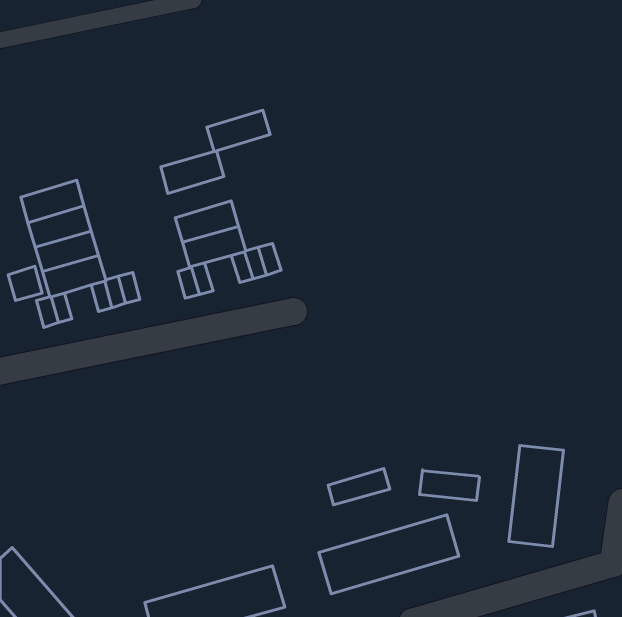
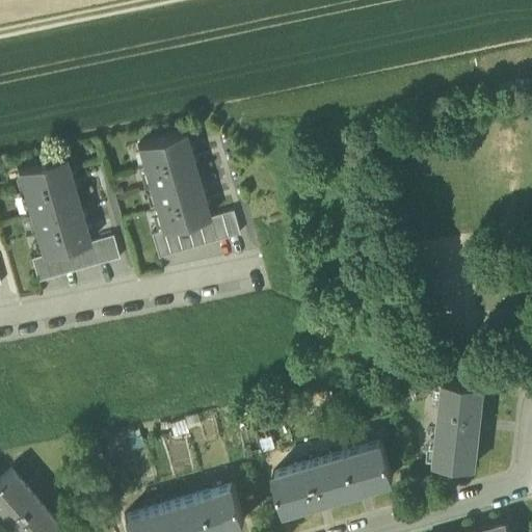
building: [207,110,270,152] -> [143,155,197,190]
building: none -> [175,222,205,252]
building: [8,266,42,300] -> [55,247,84,276]
building: [328,469,390,505] -> none
building: [420,470,479,501] -> none

